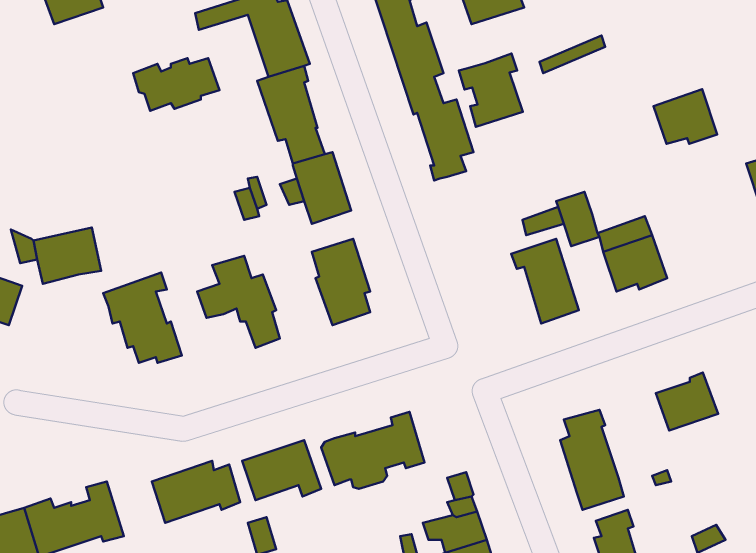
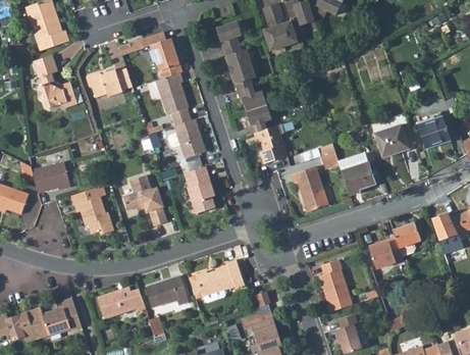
building: none -> [35,54,75,106]
building: [459,54,523,127] -> [252,123,286,163]
building: [653,89,717,144] -> [374,125,409,155]
building: none -> [393,222,419,249]

